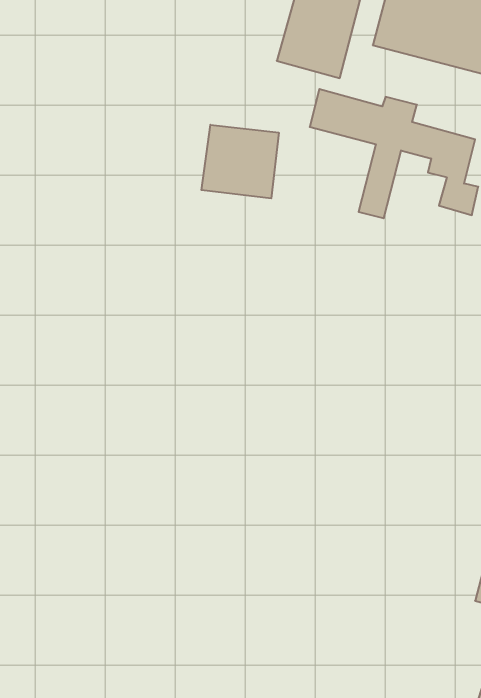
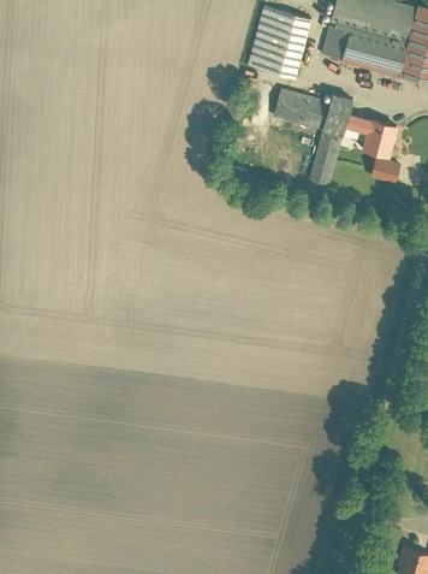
building: [201,125,279,198] -> none

